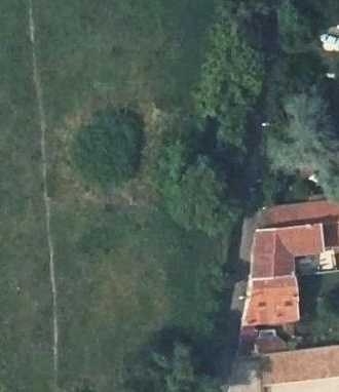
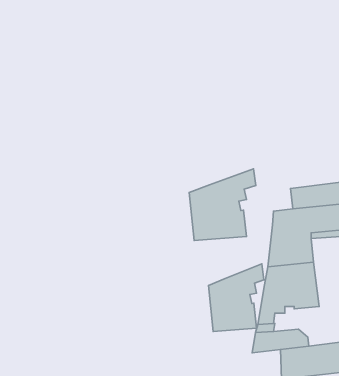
building: none -> [189,169,256,240]
building: none -> [209,264,264,331]

